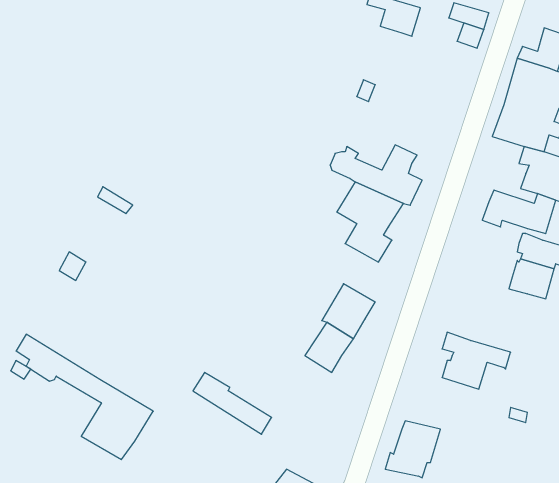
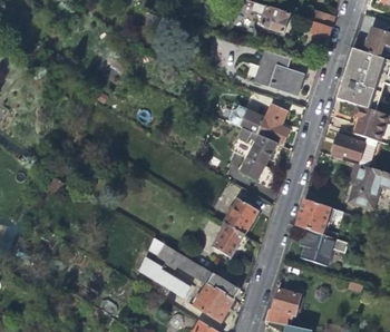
building: none -> [255,49,302,94]
building: none -> [294,198,342,234]
building: [16,334,153,460] -> [148,236,240,320]

